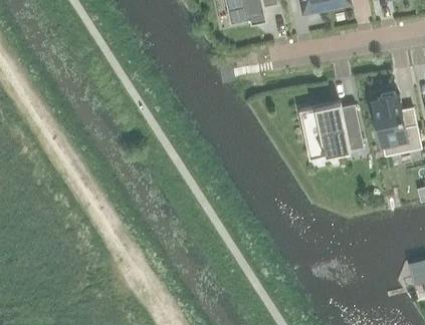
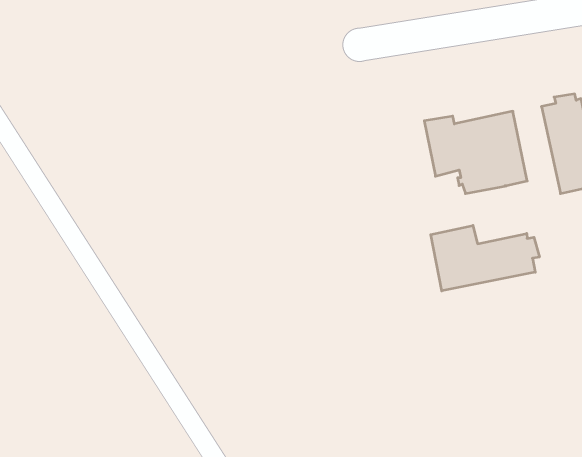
building: none -> [431,225,539,291]

